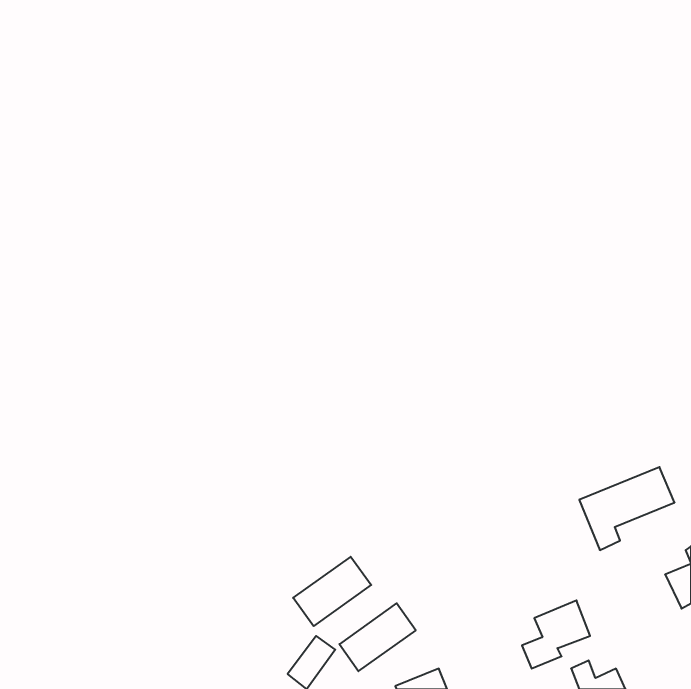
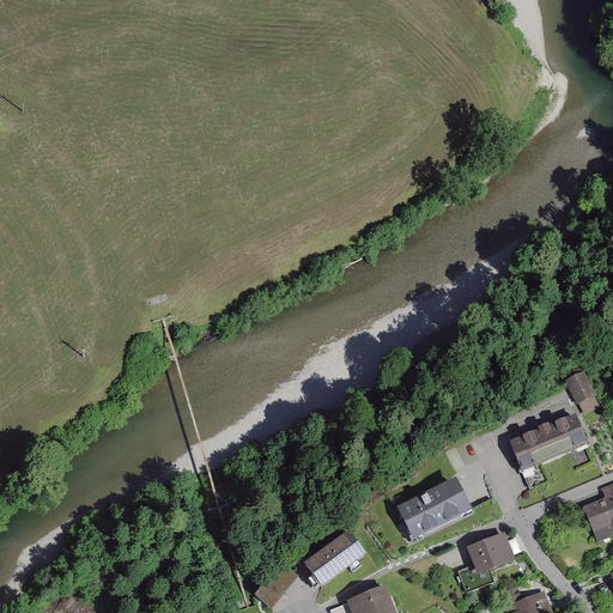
building: none -> [563,370,595,408]
building: none -> [393,482,465,540]
building: [293,557,371,626] -> none

